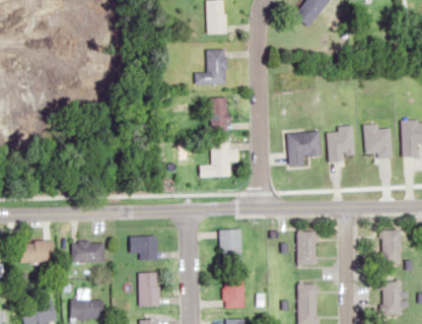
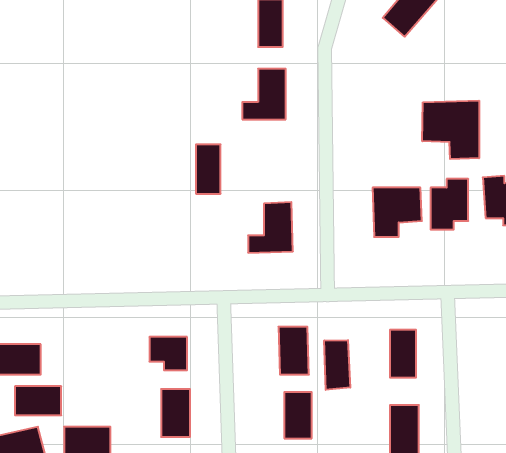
building: none -> [422,101,479,159]
building: [210,98,227,132] -> [196,144,221,194]
building: none -> [324,340,350,390]
building: [71,243,103,263] -> [15,386,61,415]

